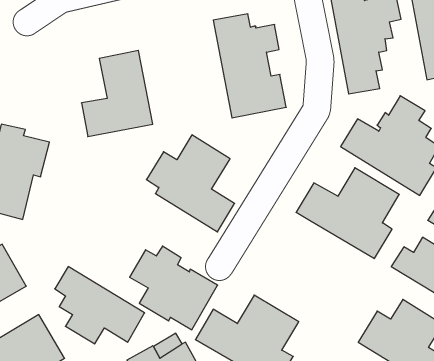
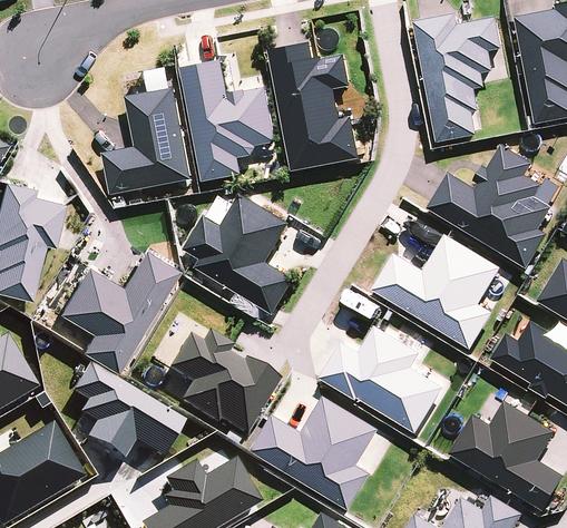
building: none -> [180,61,276,183]
building: none -> [56,250,176,372]
building: none -> [319,326,443,433]

